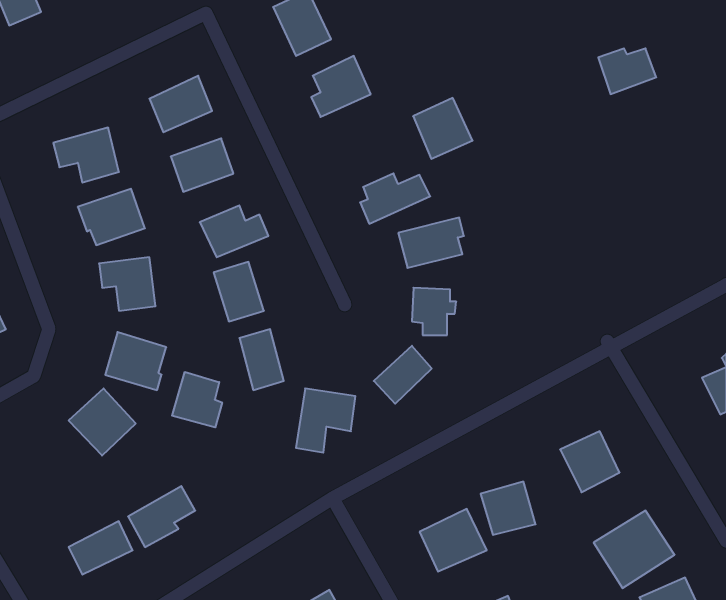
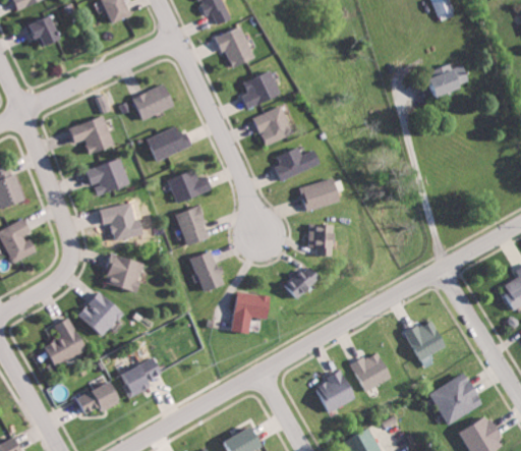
building: [413,98,473,159] -> [251,105,291,146]
building: [172,372,222,427] -> none
building: none -> [45,318,85,365]

